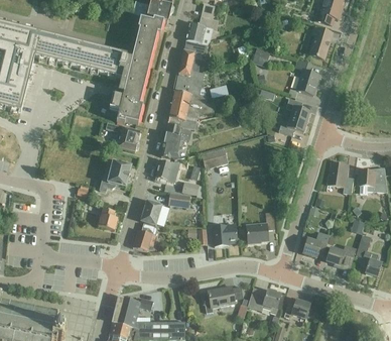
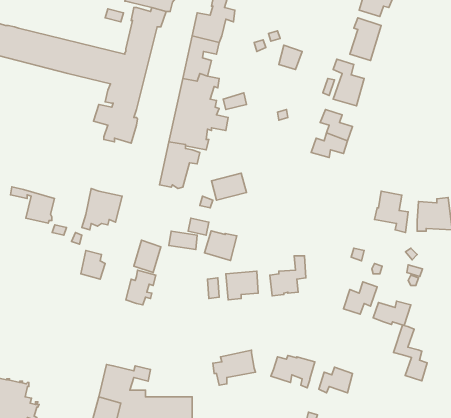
building: [106,122,140,150] -> [10,187,54,223]
building: [155,159,180,183] -> [205,231,237,261]
building: [356,234,382,277] -> [394,325,427,381]

